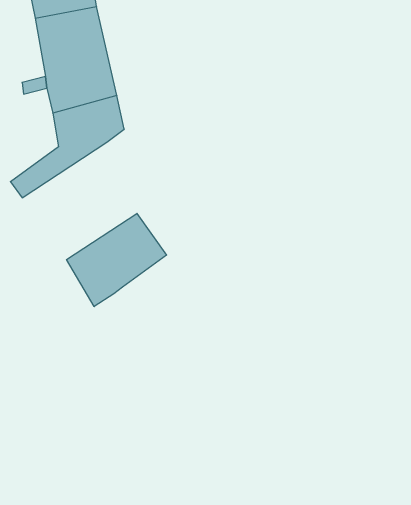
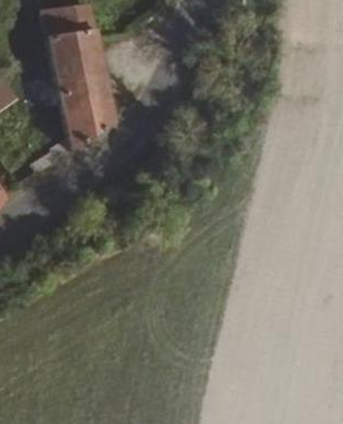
building: [67,213,167,307] -> none

